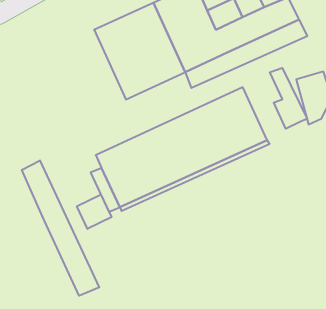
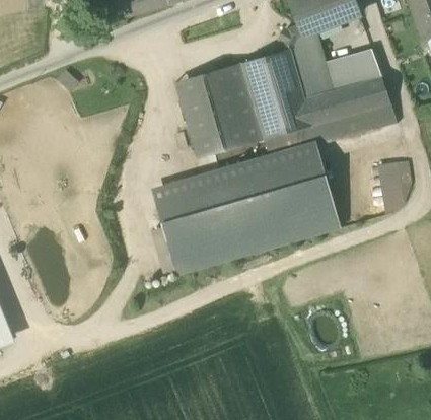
building: none -> [151,141,321,213]
building: [270,68,307,129] -> none
building: [22,160,99,296] -> none
building: [77,195,111,229] -> none

